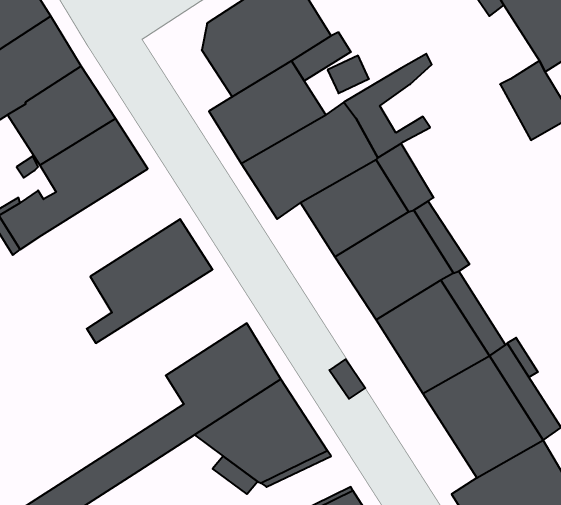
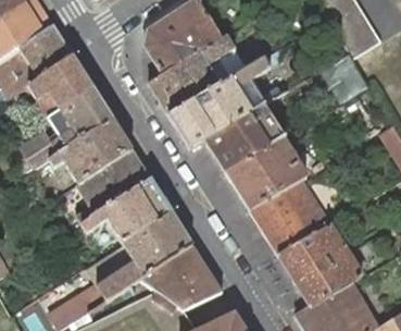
building: none -> [48,117,131,182]
building: none -> [80,177,172,242]

